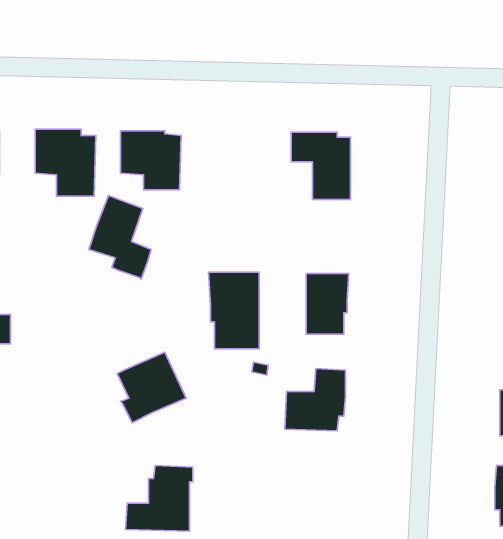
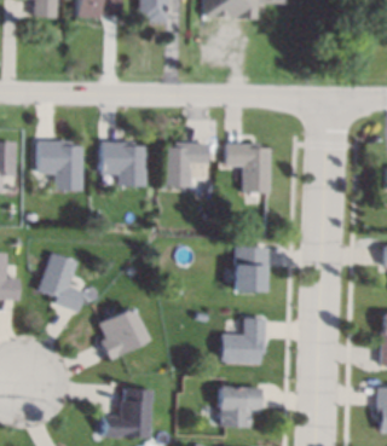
building: none -> [163,141,209,187]
building: [89,195,151,279] -> [37,251,83,313]
building: [209,272,259,349] -> none
building: none -> [220,386,262,427]

